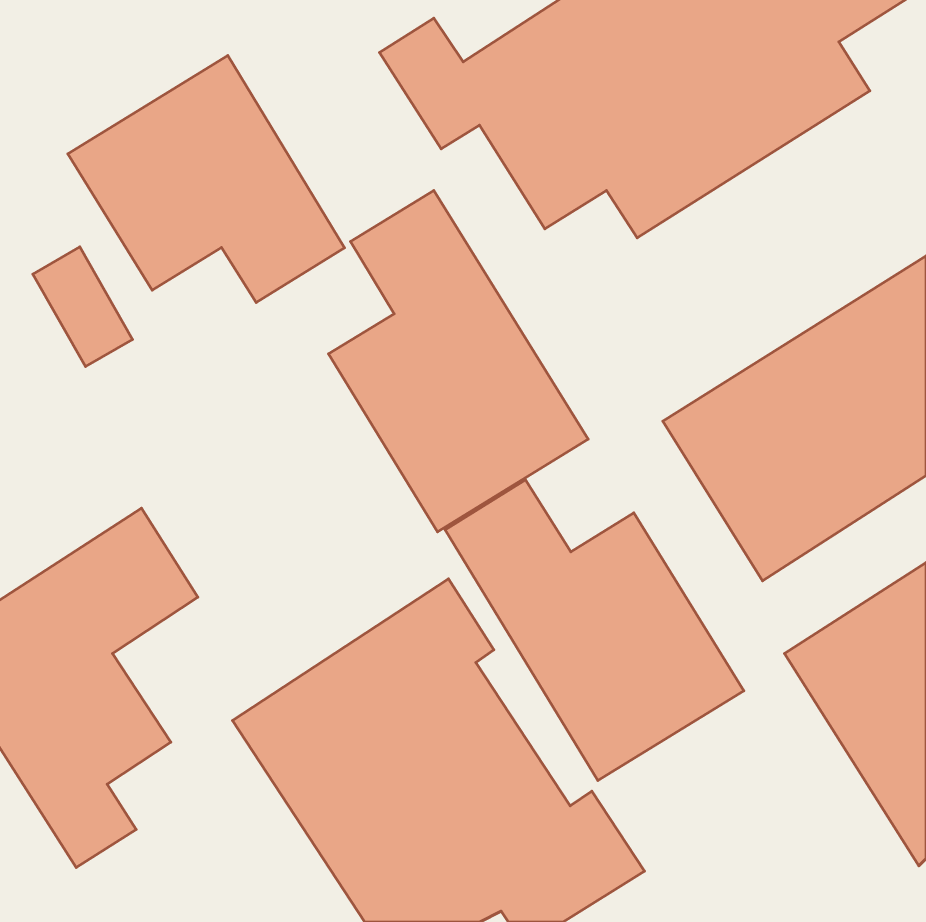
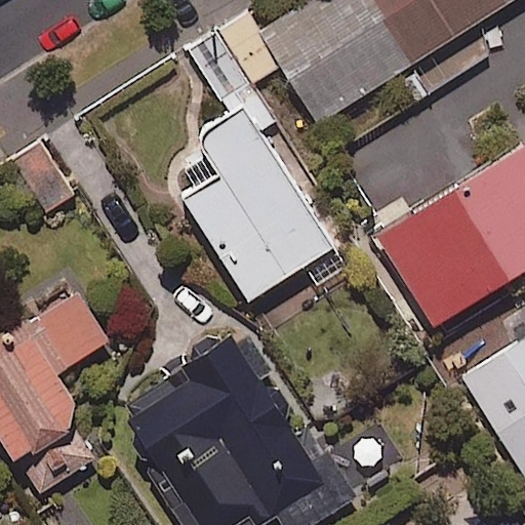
building: [68,55,345,302] -> none
building: [445,480,744,781] -> none

